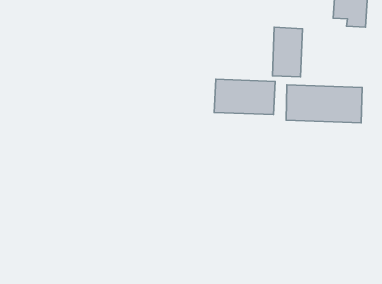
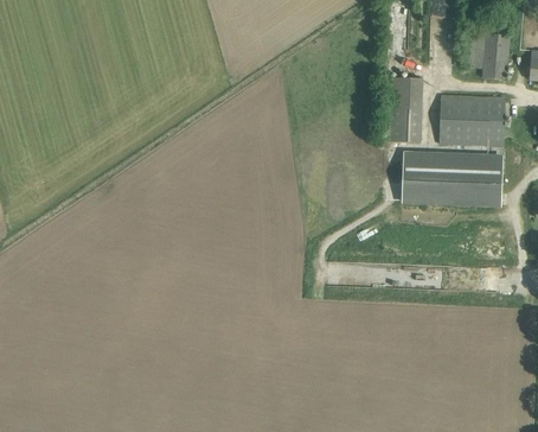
building: none -> [438,96,504,146]
building: [214,79,275,115] -> none

